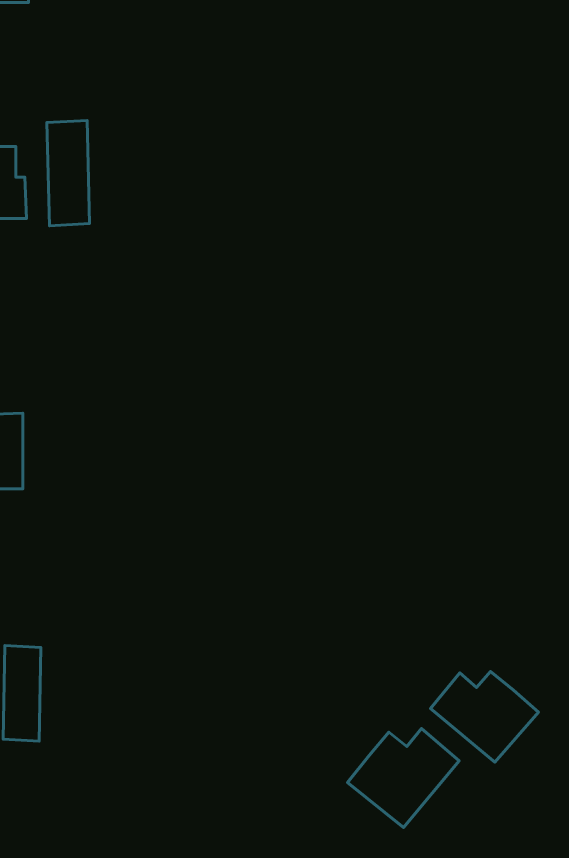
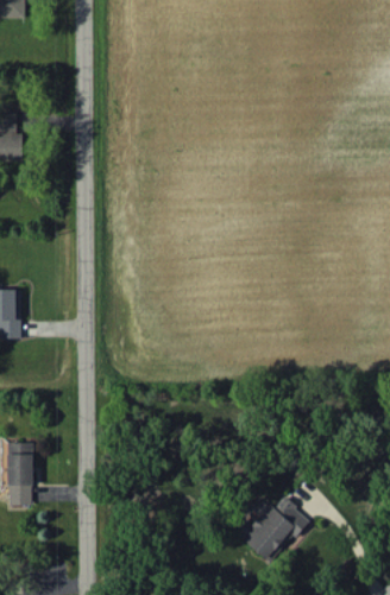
building: [47,120,90,226] -> none
building: [431,671,538,762] -> none

